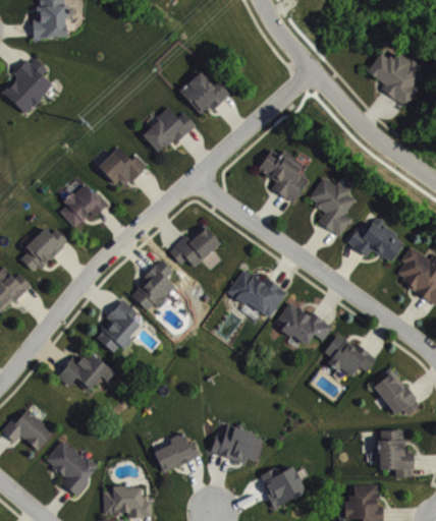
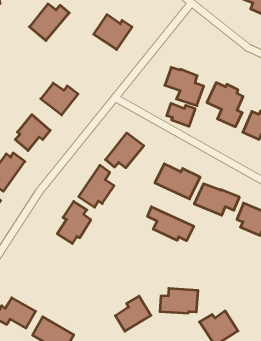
building: [141,108,194,154] -> [29,4,69,41]
building: none -> [167,103,195,126]
building: none -> [148,207,194,241]
building: [57,353,108,392] -> none

